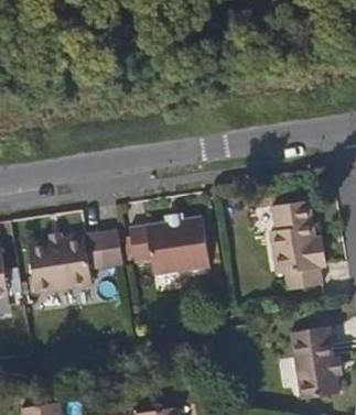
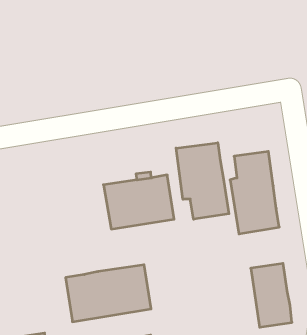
building: none -> [176,143,229,219]
building: [26,237,122,301] -> [66,265,151,322]

